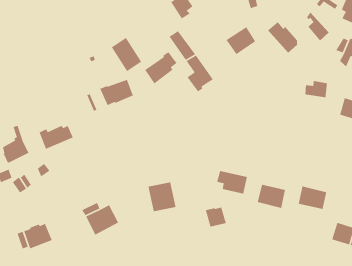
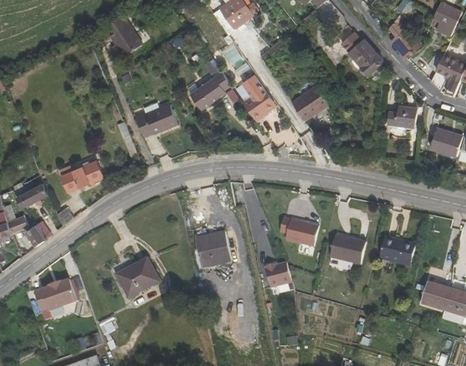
building: [226,26,256,55] -> [291,84,329,120]
building: [111,37,142,72] -> [104,13,143,57]

